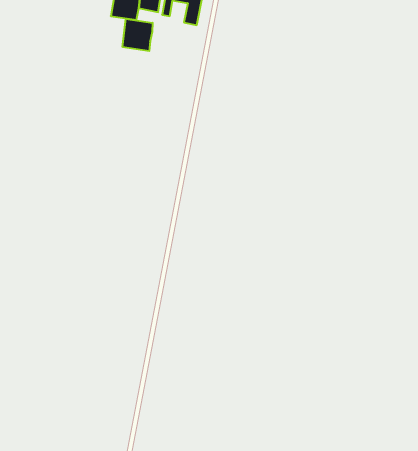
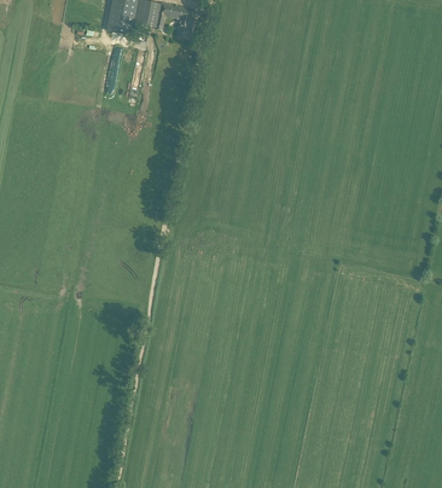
building: [123,19,153,51] -> none

